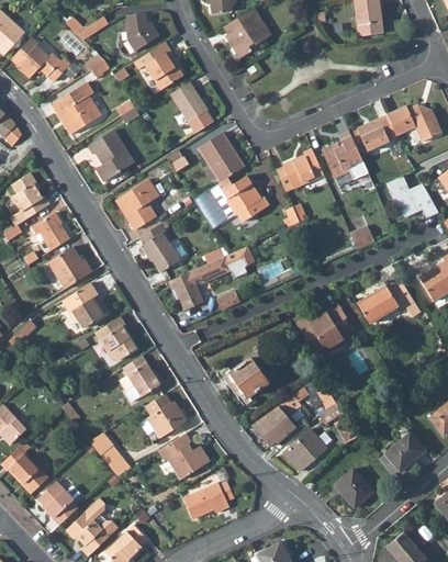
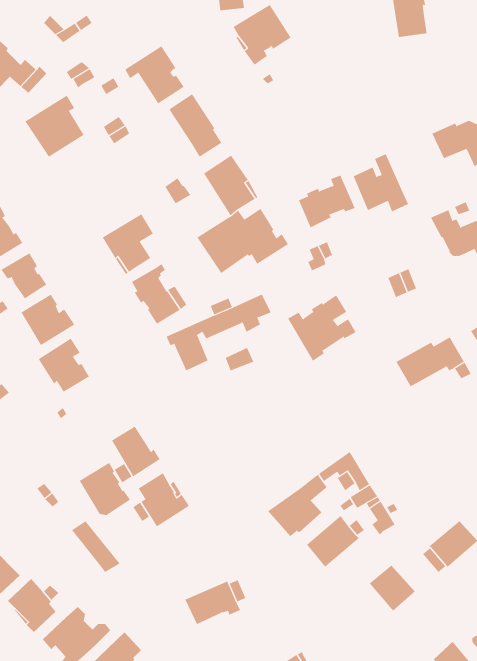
building: [126,12,159,50] -> none
building: [357,114,397,150] -> none
building: [88,130,134,181] -> none
building: [296,303,354,358] -> [287,295,357,361]
building: [96,316,138,360] -> [79,462,131,516]
building: [221,358,267,406] -> none
building: [159,432,210,479] -> none

